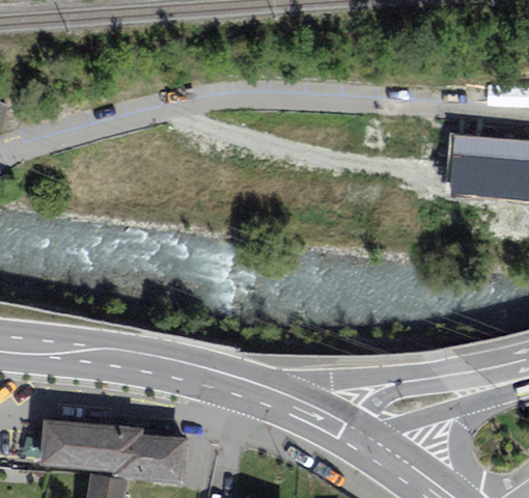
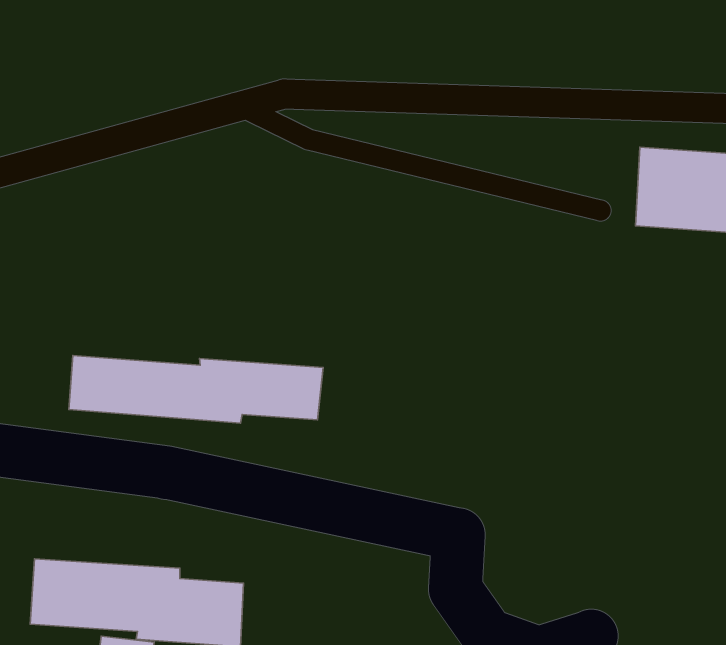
building: none -> [69,356,323,423]

